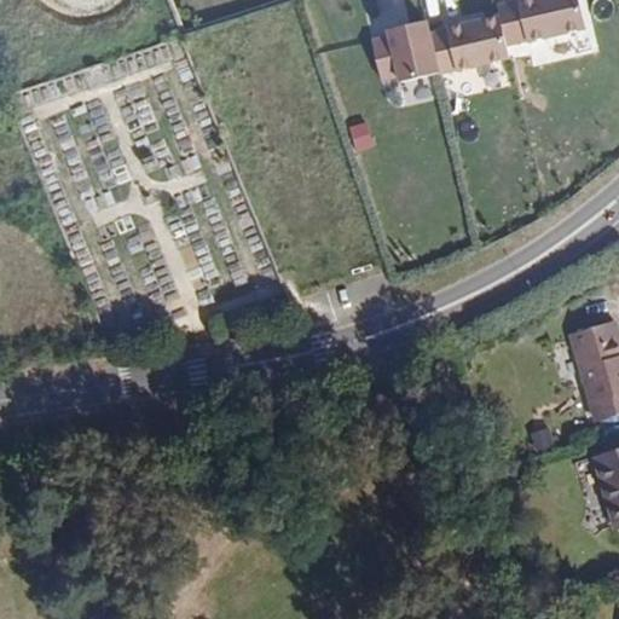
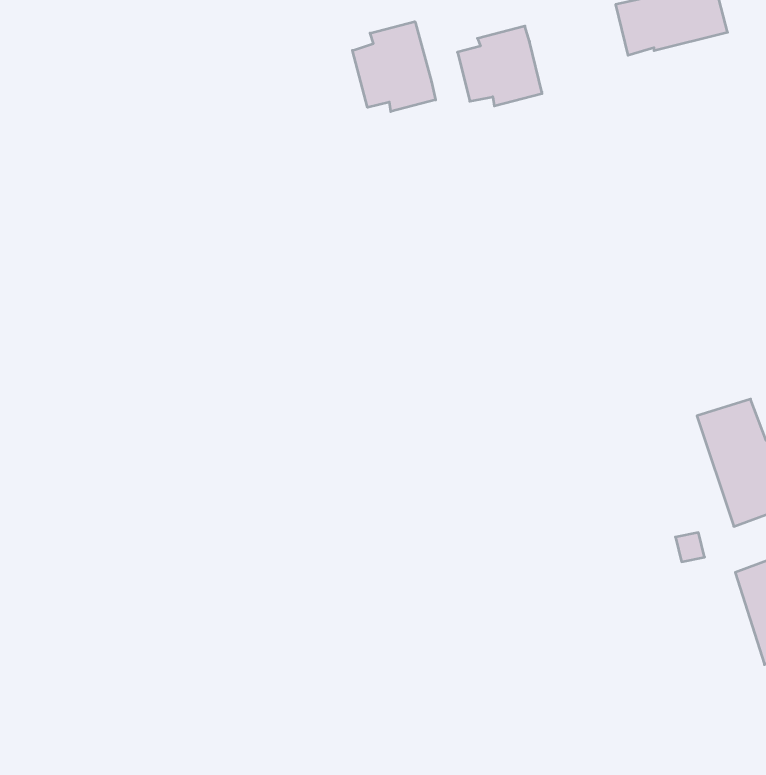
building: [432,13,511,73] -> none
building: none -> [352,22,436,112]

